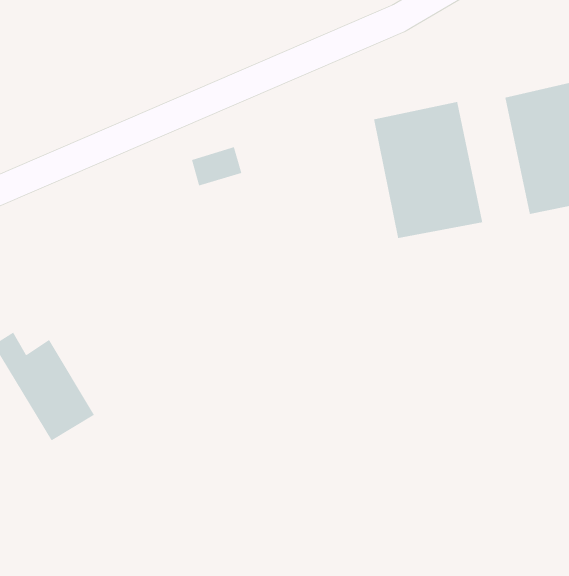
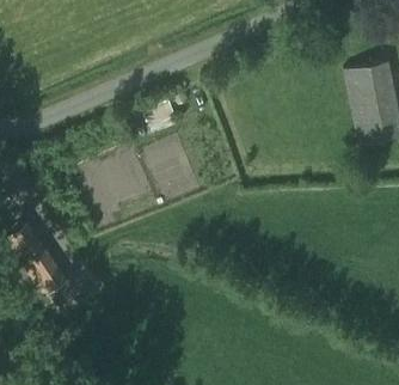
building: [373,101,483,239] -> none

